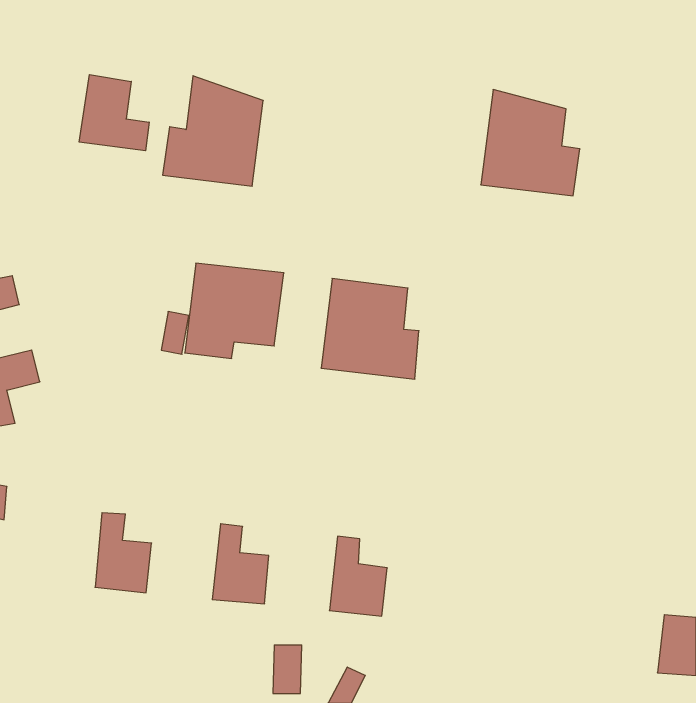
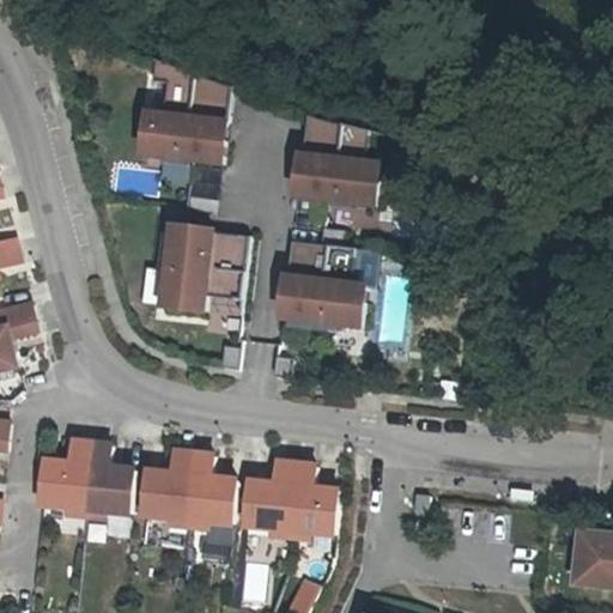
building: [79,75,149,151] -> none
building: [481,90,580,196] -> [293,115,380,207]
building: none -> [37,443,89,510]
building: none -> [139,454,192,521]
building: none -> [242,463,293,530]

